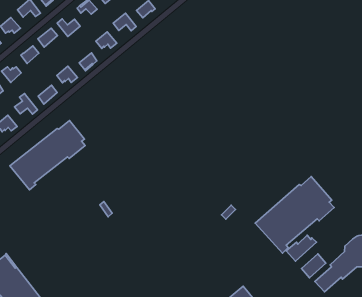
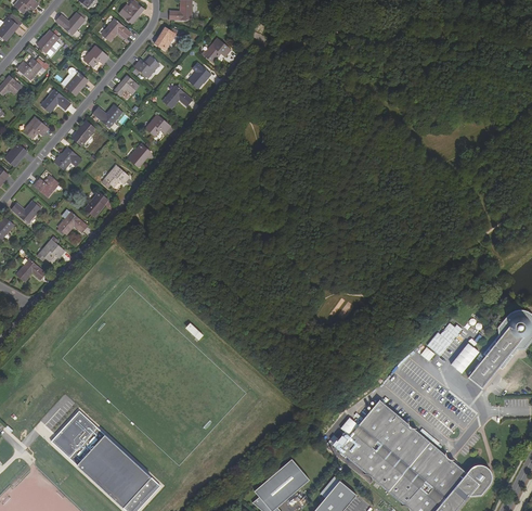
building: [10,120,85,190] -> none
building: [255,176,334,253] -> none

